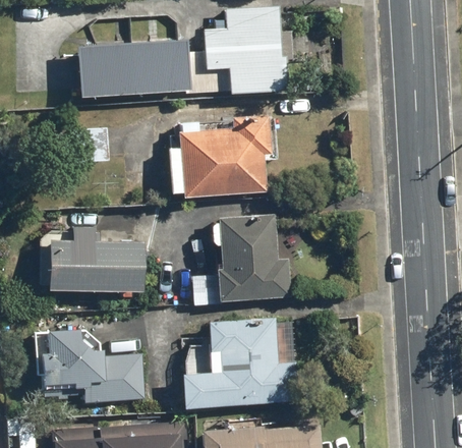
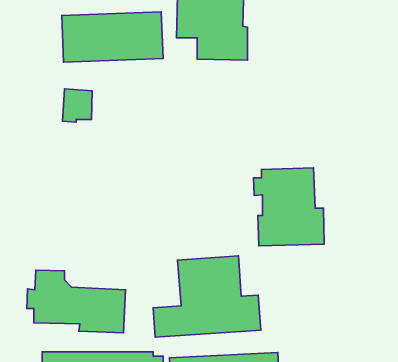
building: [169,115,271,195] -> none
building: [210,213,290,301] -> [253,168,324,246]
building: [45,226,142,292] -> none

